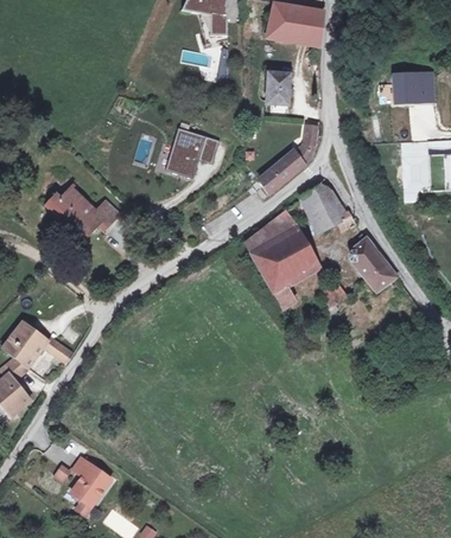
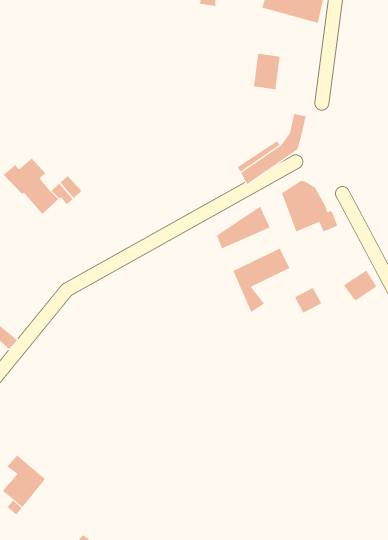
building: [169,129,216,174] -> none
building: [252,230,305,273] -> none
building: [350,237,386,276] -> none

